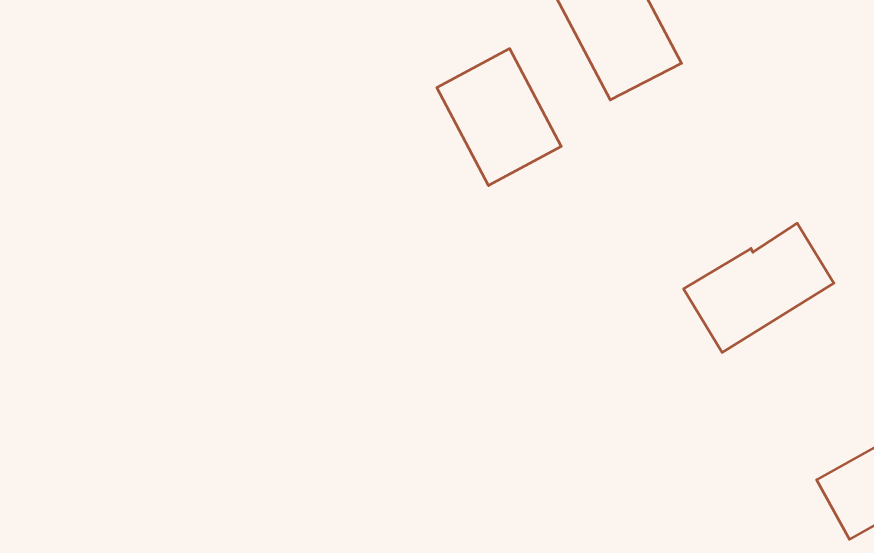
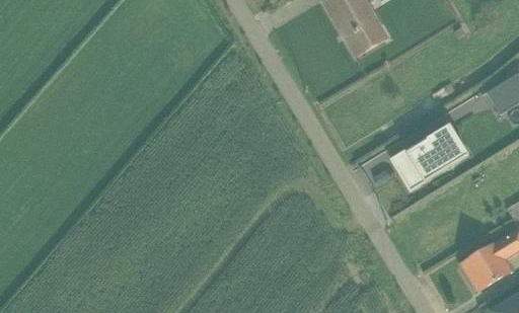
building: [437,49,561,186] -> none

